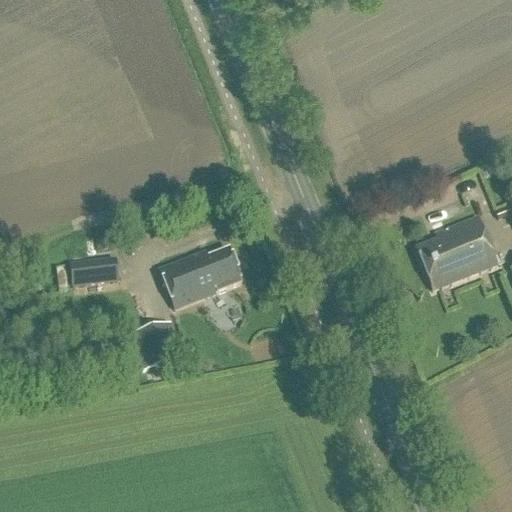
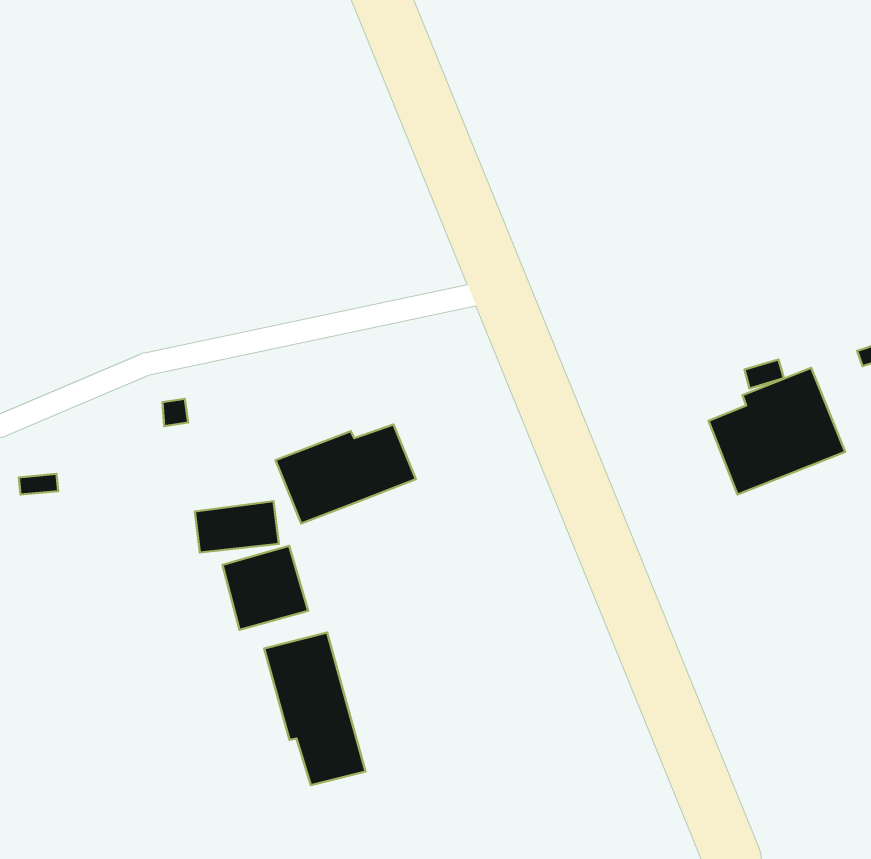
building: [70,254,119,284] -> [195,501,279,553]
building: none -> [264,633,365,785]

